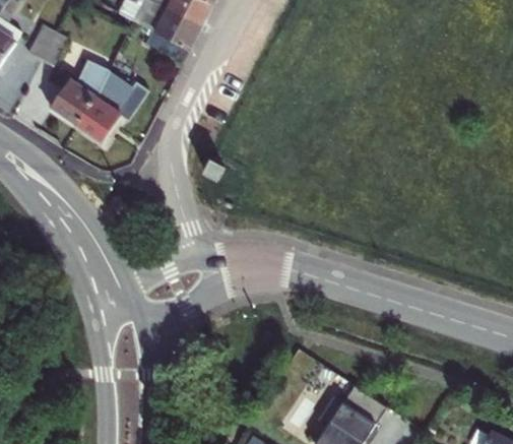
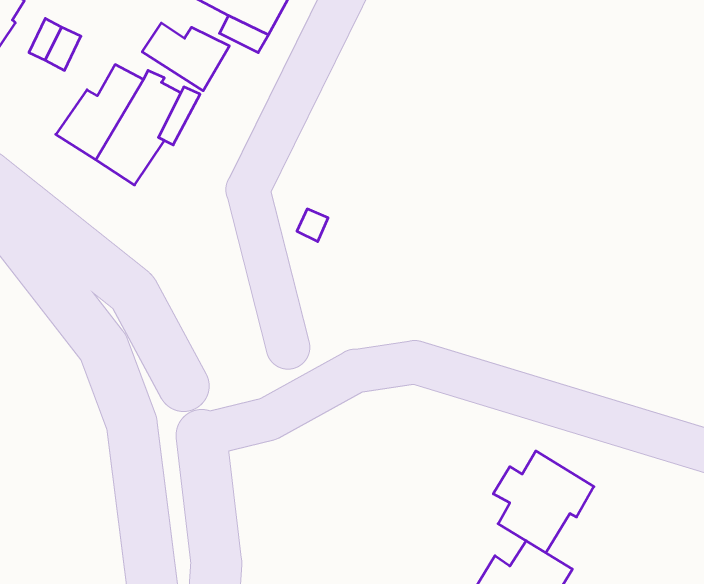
building: none -> [142,23,229,91]
building: none -> [493,451,594,553]

